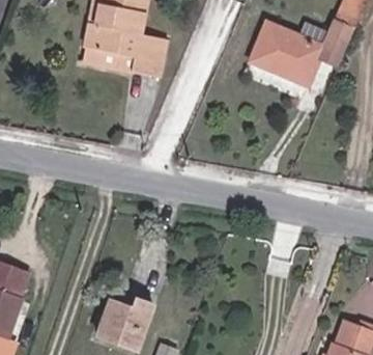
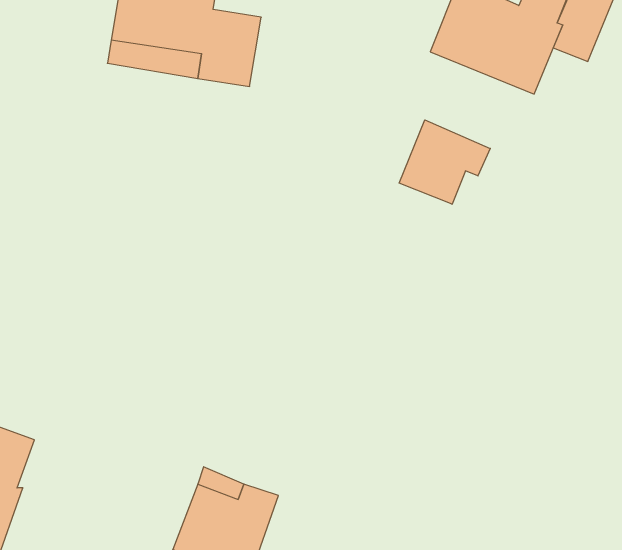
building: none -> [399,120,490,204]

